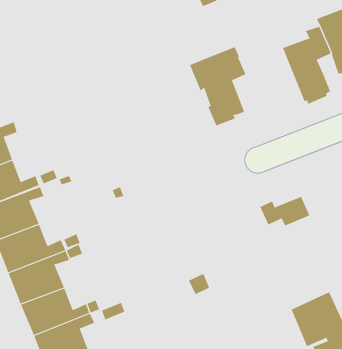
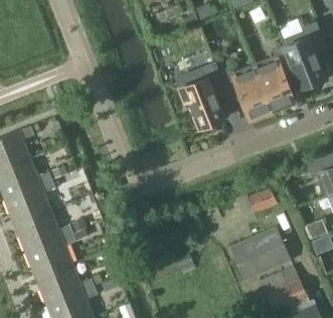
building: none -> [217,64,272,120]
building: none -> [229,227,291,280]

